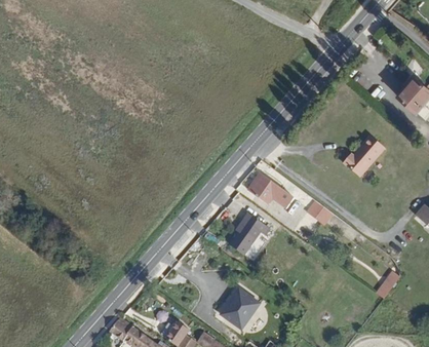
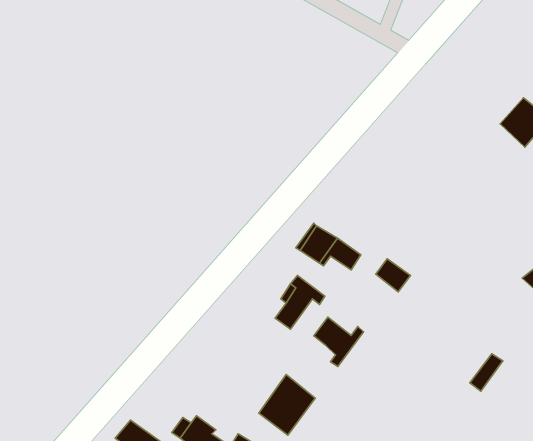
building: [344,134,386,177] -> none
building: none -> [314,317,364,366]

